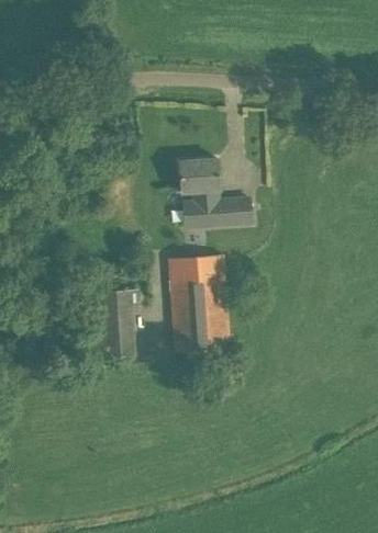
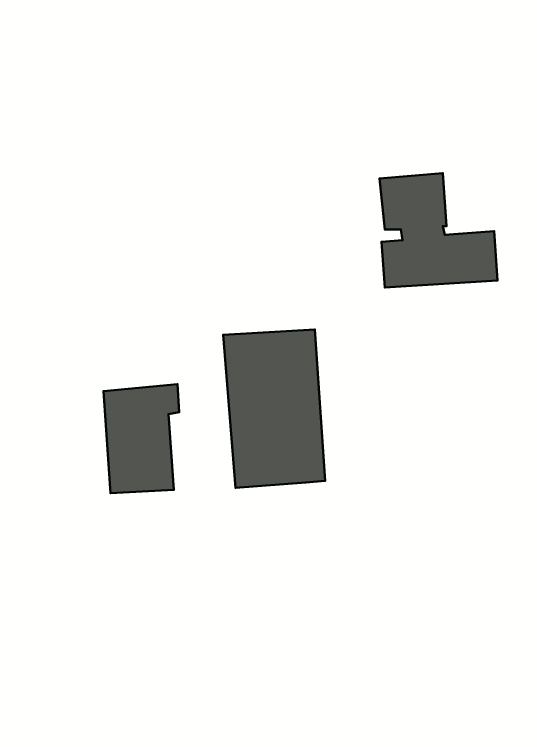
building: [178,158,252,229] -> [380,173,498,288]

